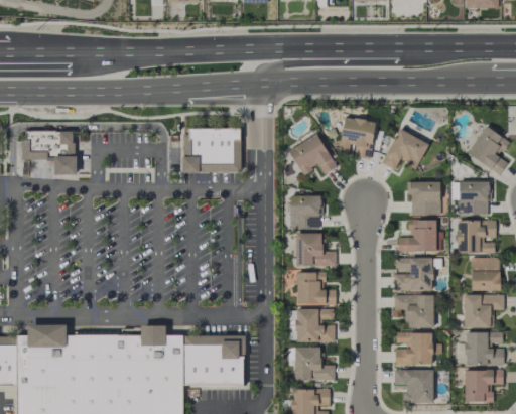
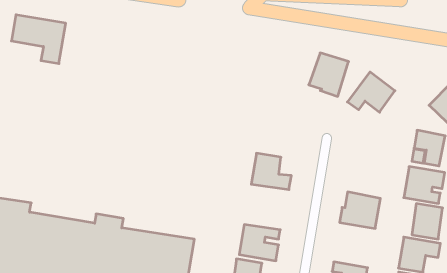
building: [183,128,240,173] -> none
building: [287,133,337,175] -> none
building: [410,182,440,216] -> none
building: [290,195,320,230] -> none
building: [398,221,436,253] -> none
building: [296,273,336,306] -> none
building: [393,295,433,328] -> none

